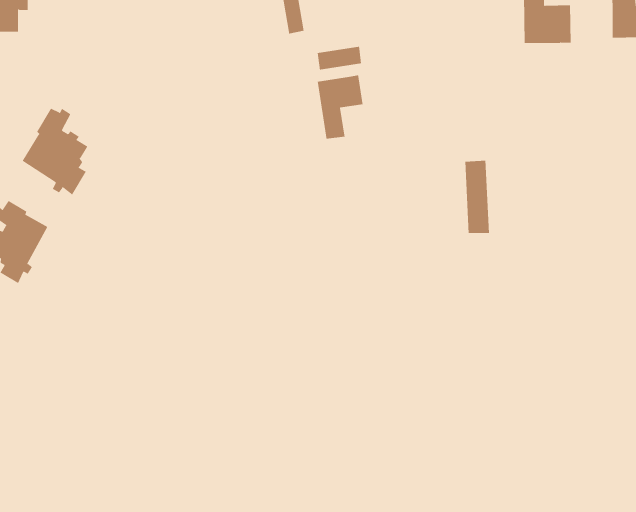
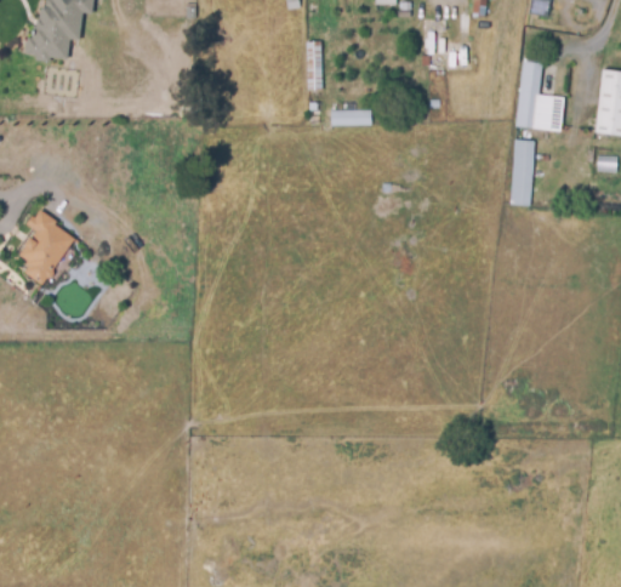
building: [317,75,363,139] -> none
building: [22,108,88,196] -> none
building: [464,160,490,233] -> [509,138,534,205]

